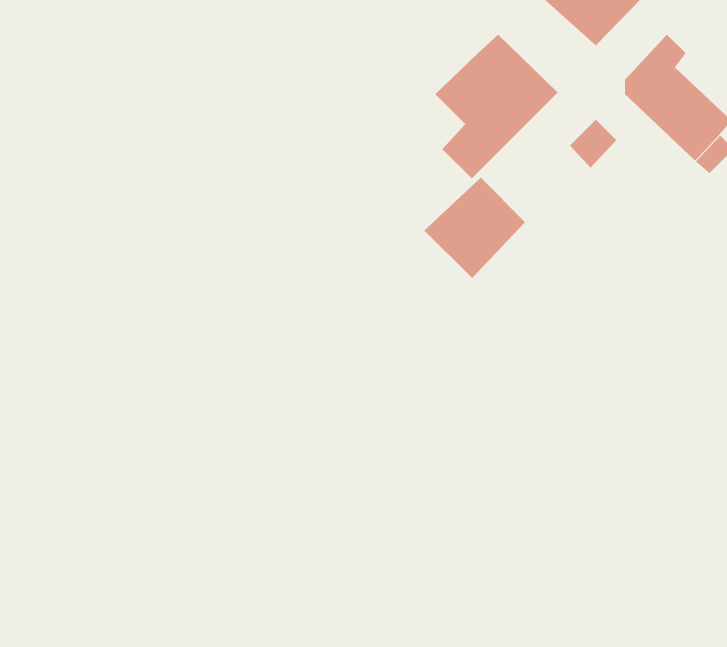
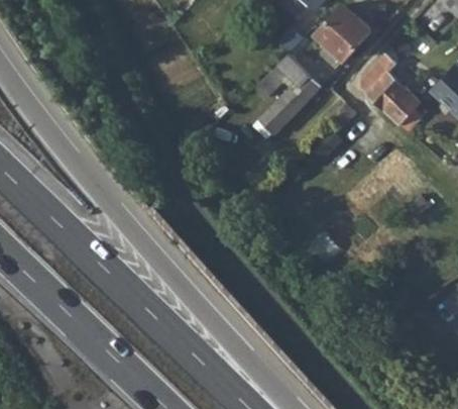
building: [424,177,526,279] -> none

